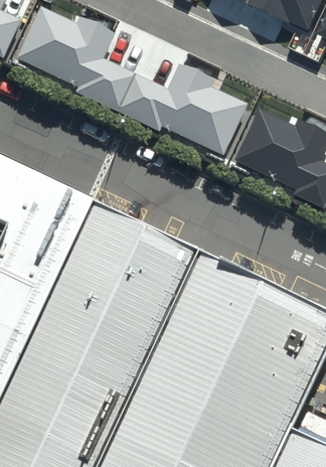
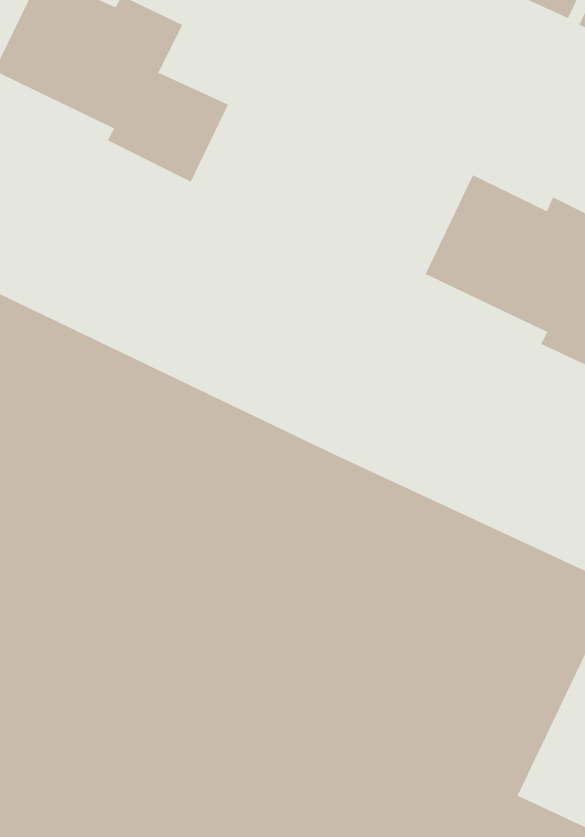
building: [117,62,248,157] -> none

